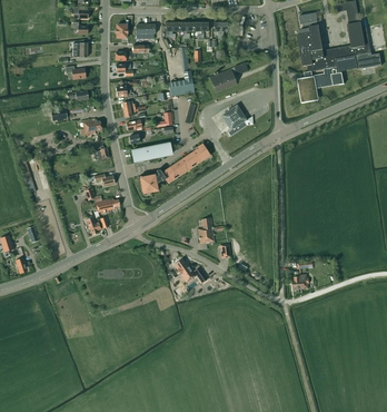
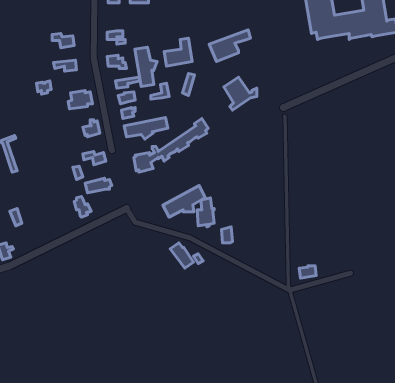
building: [298,66,343,100] -> none
building: none -> [135,47,157,86]
building: none -> [163,185,205,217]

